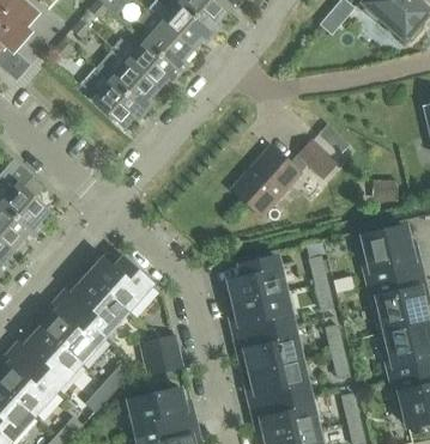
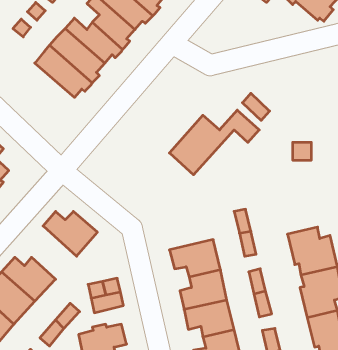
building: [361,224,412,284] -> none
building: [229,255,284,302] -> none
building: [73,274,127,335] -> none

